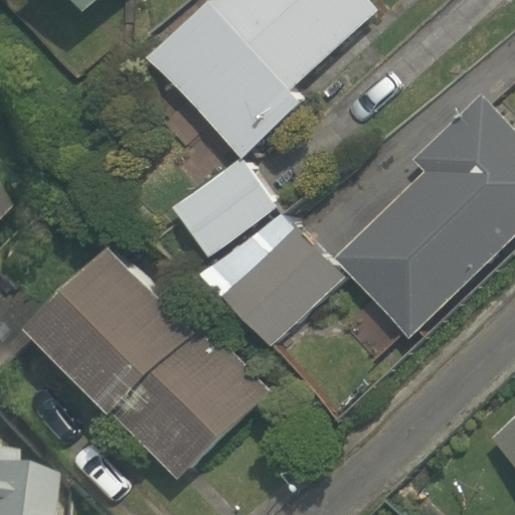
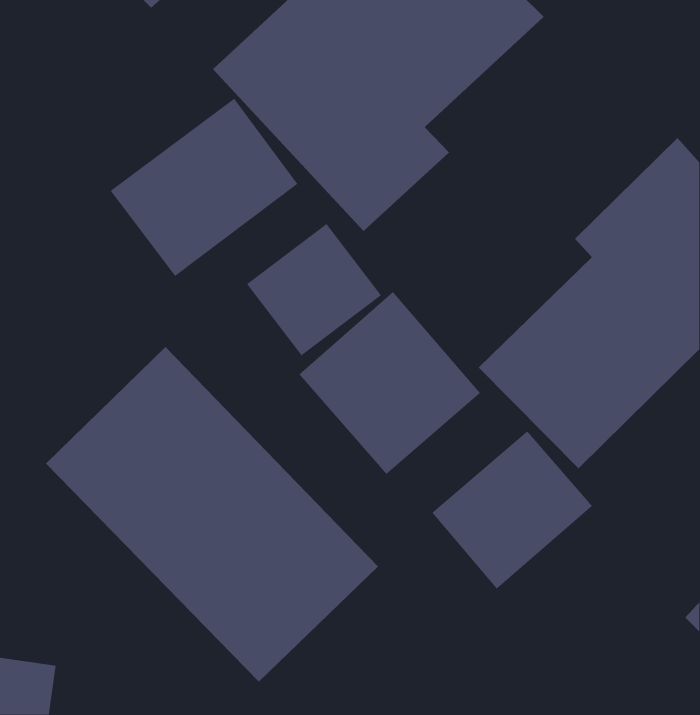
building: none -> [110,98,298,277]
building: none -> [432,430,593,590]

